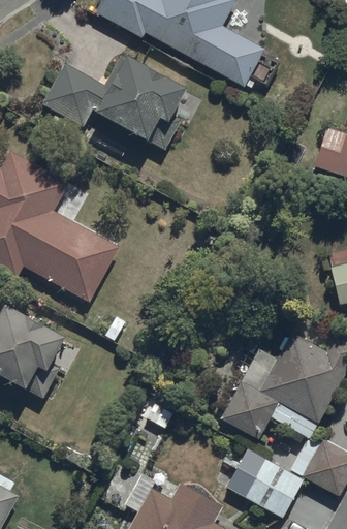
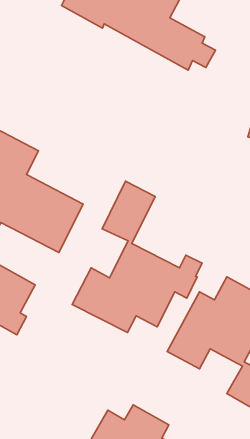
building: [43,54,189,151] -> none
building: none -> [72,181,202,333]
building: [227,447,305,518] -> none

